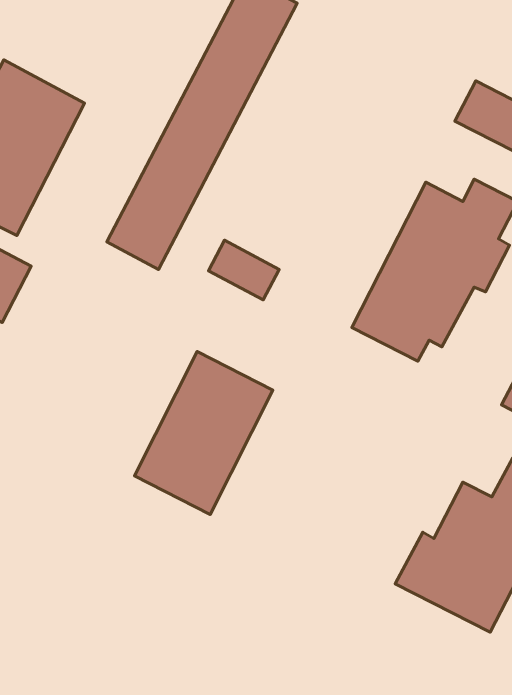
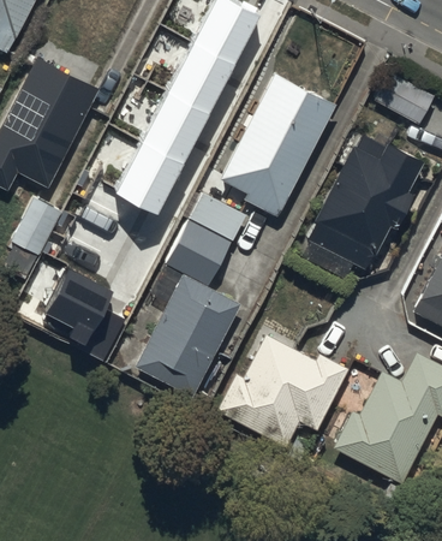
building: none -> [220,73,335,218]
building: none -> [168,221,231,283]
building: none -> [48,269,124,358]
building: none -> [214,335,348,447]

